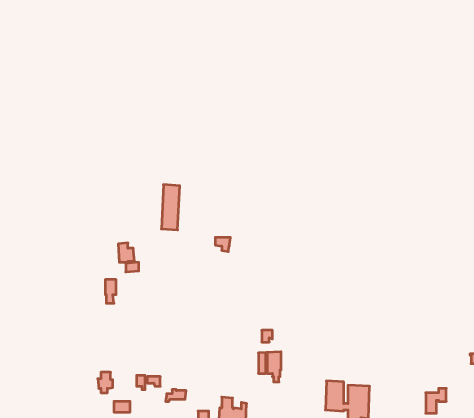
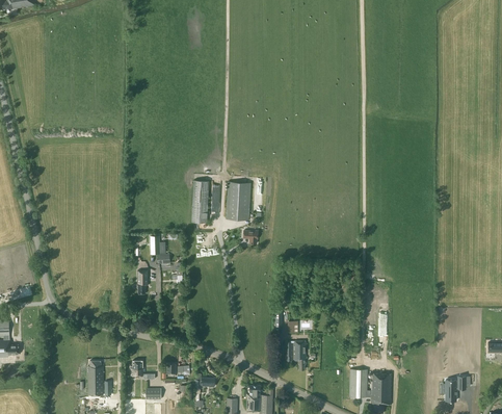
building: none -> [226,181,250,219]
building: none -> [87,360,103,394]

